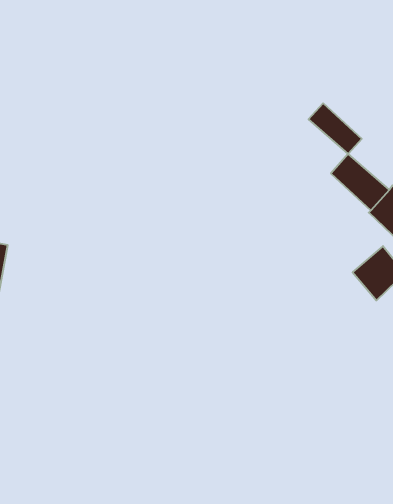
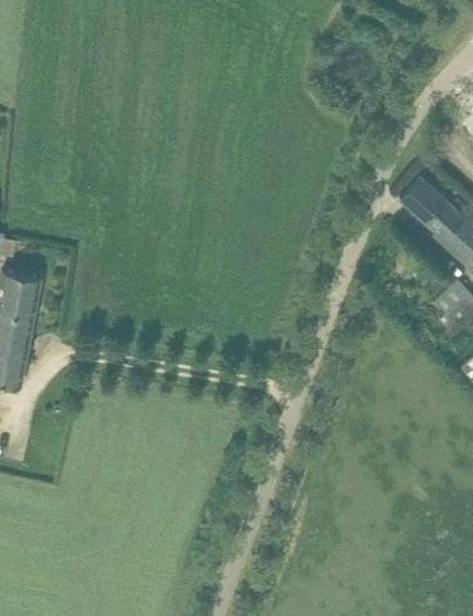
building: [309,103,362,154] -> none

